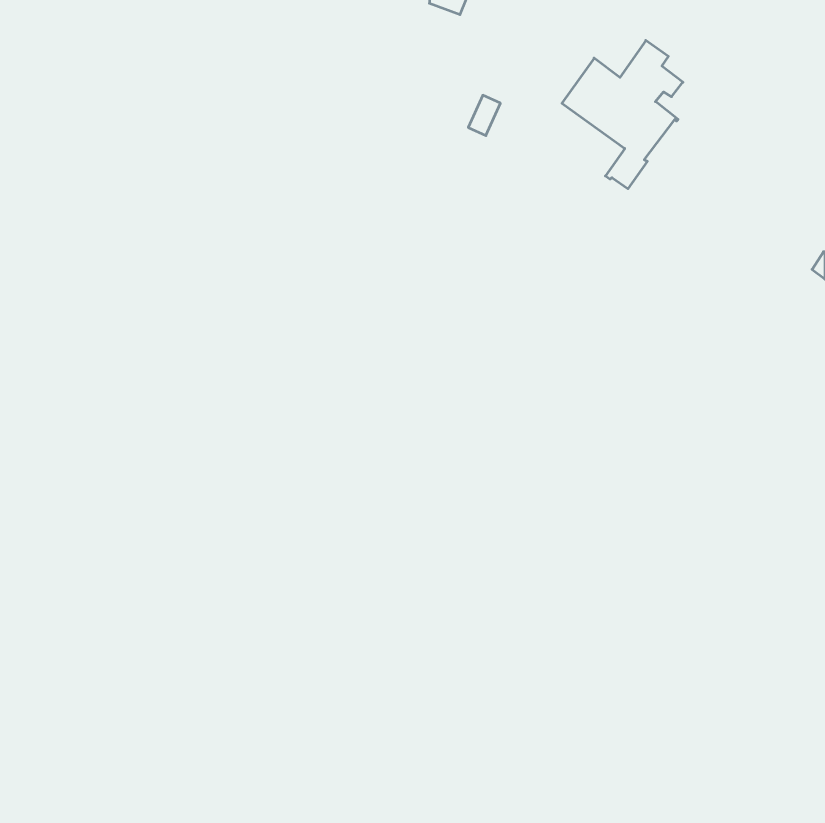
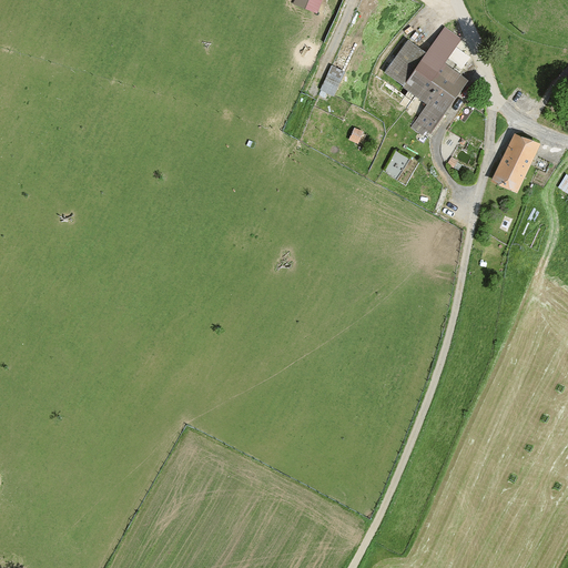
building: none -> [494,135,537,189]

